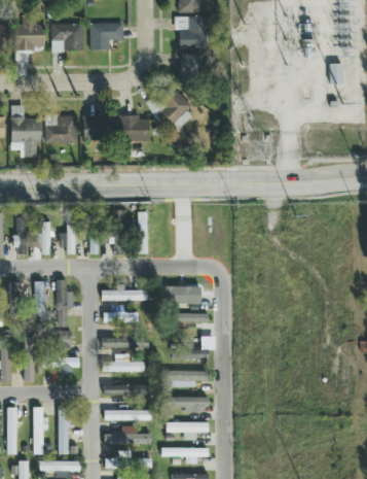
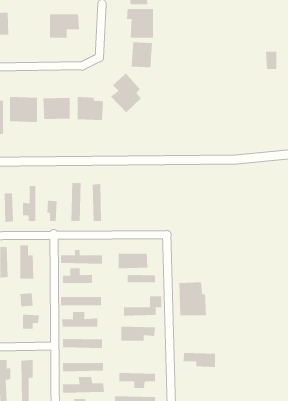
building: [51,23,83,50] -> none
building: none -> [179,281,207,316]
building: [170,396,207,412] -> [182,353,216,367]

